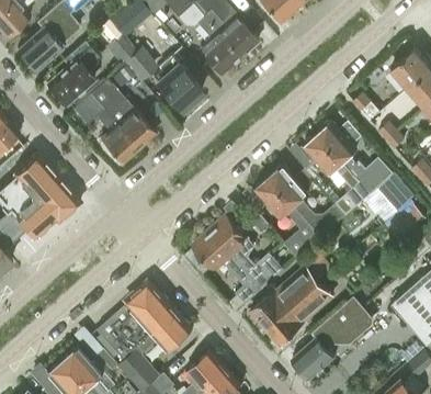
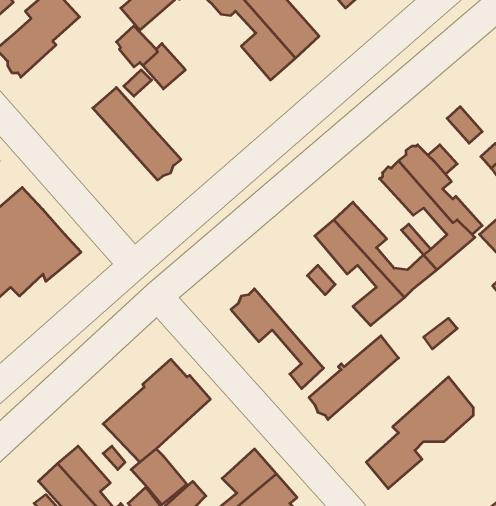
building: [48,44,98,105] -> none
building: [152,57,202,110] -> none
building: [72,95,137,165] -> none
building: [209,215,283,290] -> none
building: [264,282,326,347] -> none
building: [136,313,192,356] -> none

